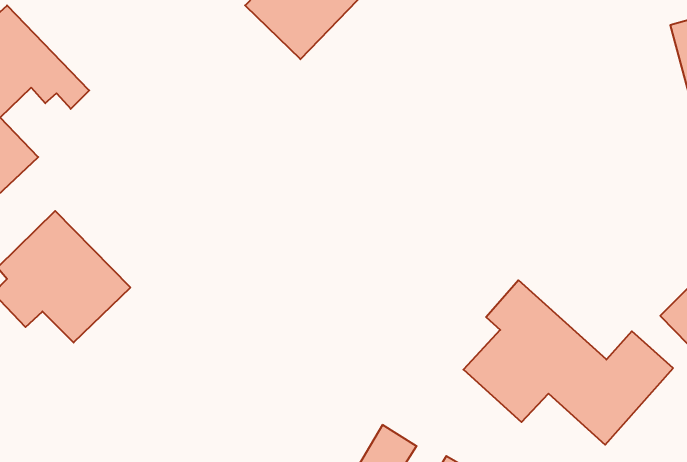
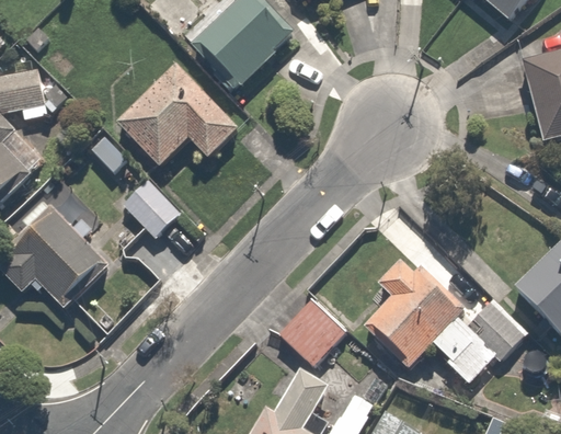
building: none -> [121,66,240,167]
building: none -> [121,176,183,239]
building: none -> [279,293,354,368]

